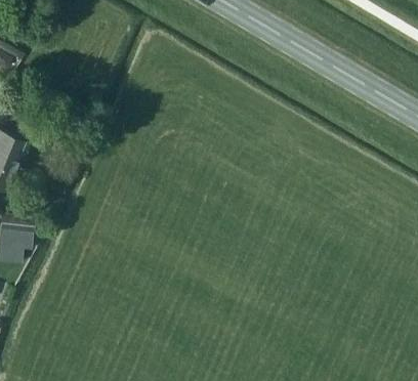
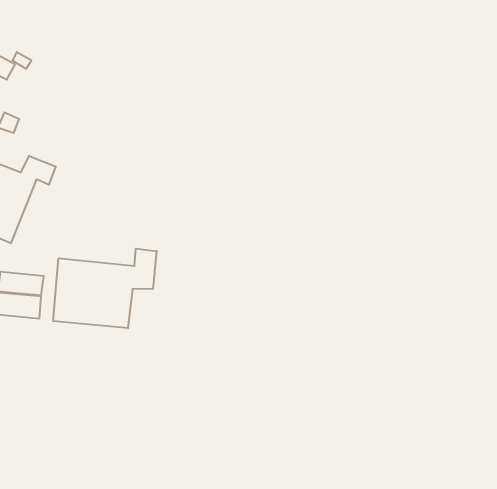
building: none -> [53,249,157,328]

